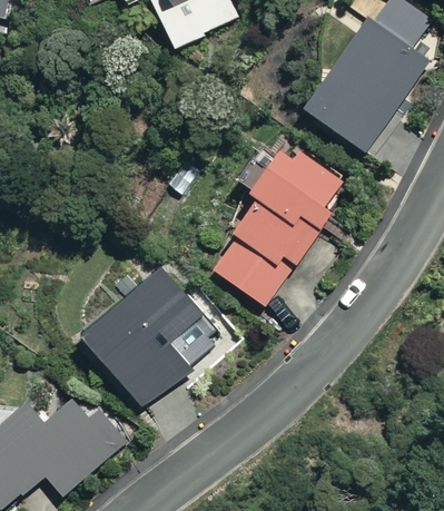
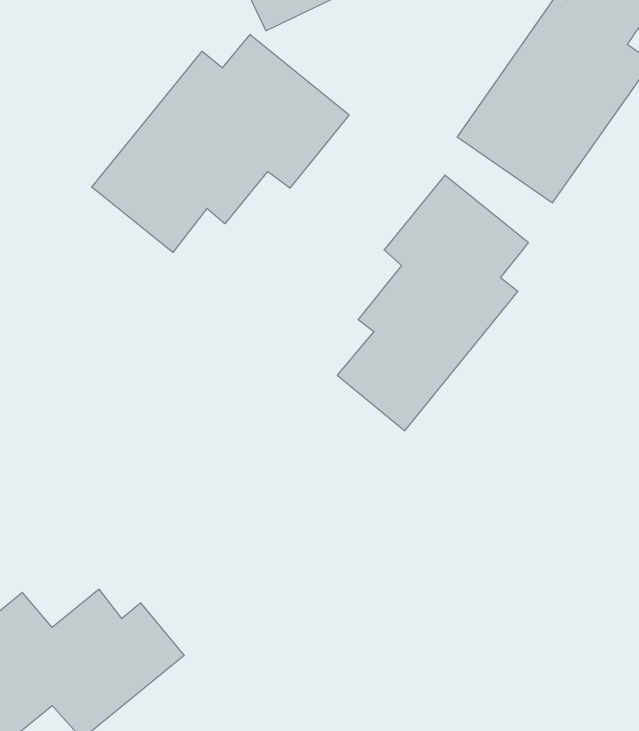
building: none -> [92,34,349,252]
building: [85,275,215,410] -> none

